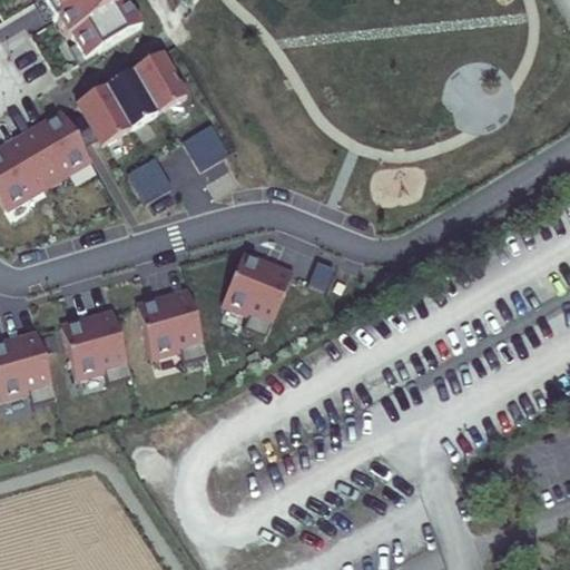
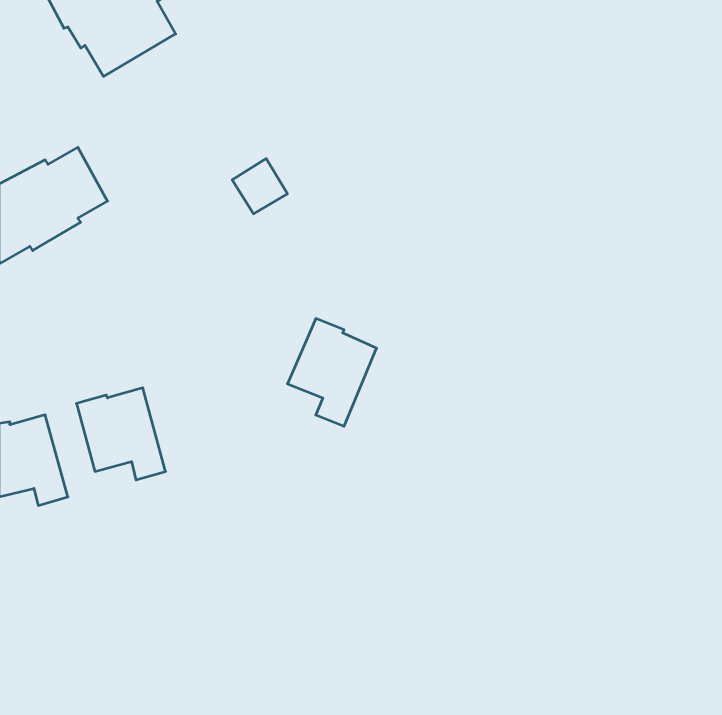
building: [76,56,186,149] -> none
building: [126,158,169,200] -> none
building: [138,284,212,356] -> none

